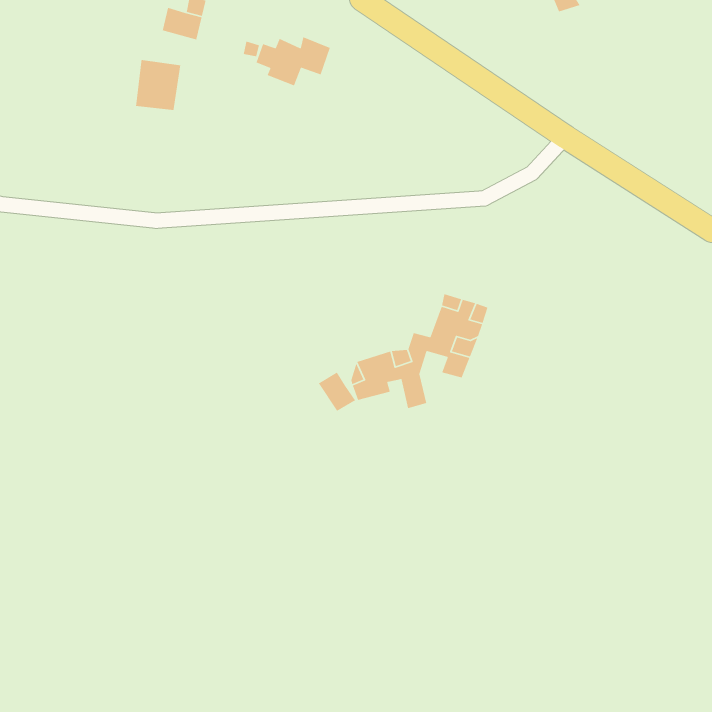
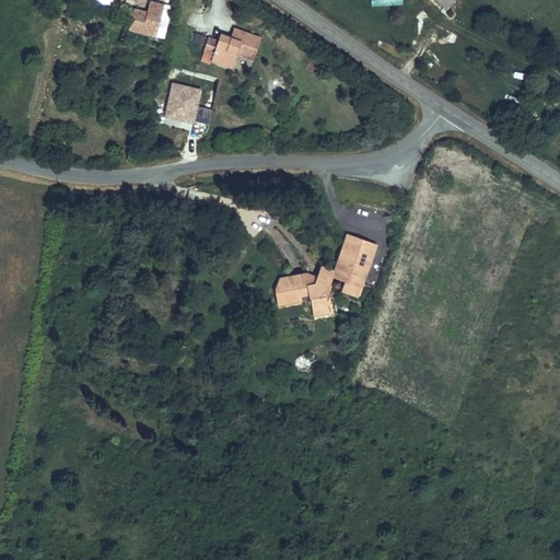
building: [135,59,181,111] -> [163,82,199,122]
building: [318,372,356,412] -> none

